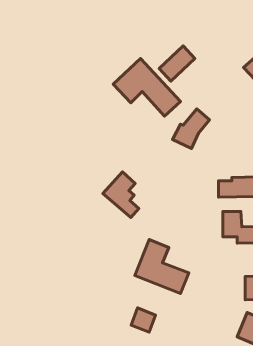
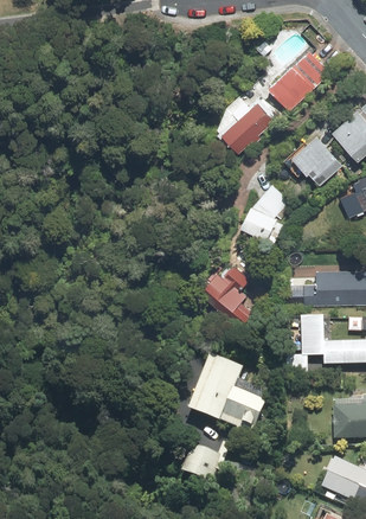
building: none -> [270,52,327,108]
building: [113,59,180,116] -> none
building: none -> [294,139,338,182]
building: [103,172,139,218] -> [203,263,250,323]

